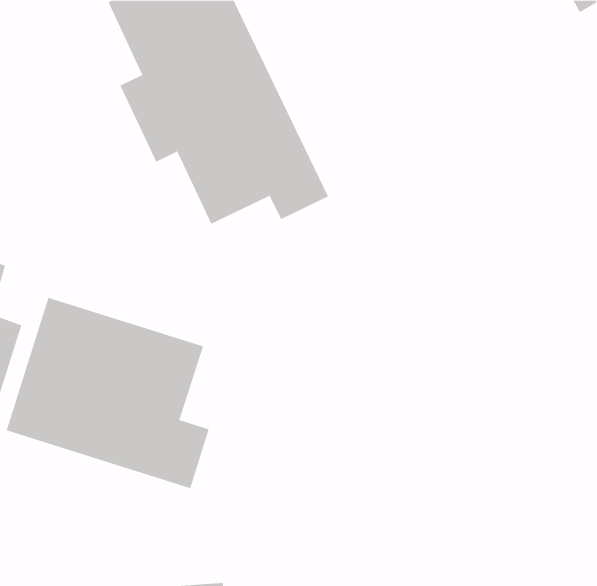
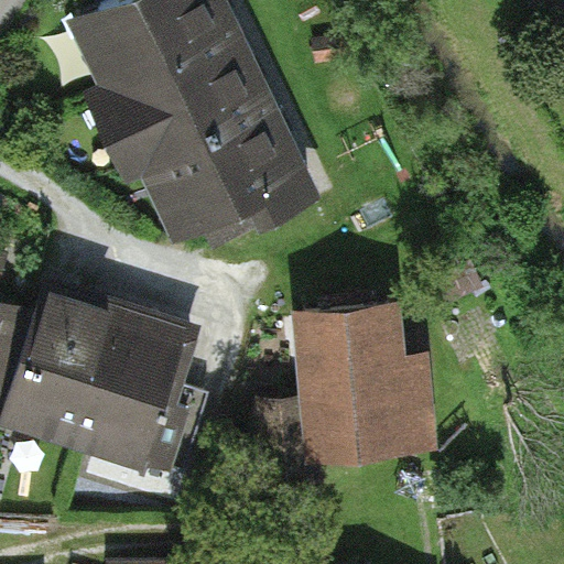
building: none -> [286,310,432,469]

